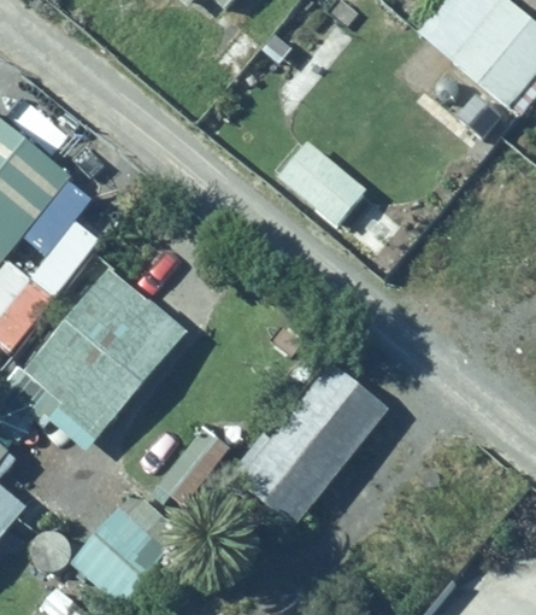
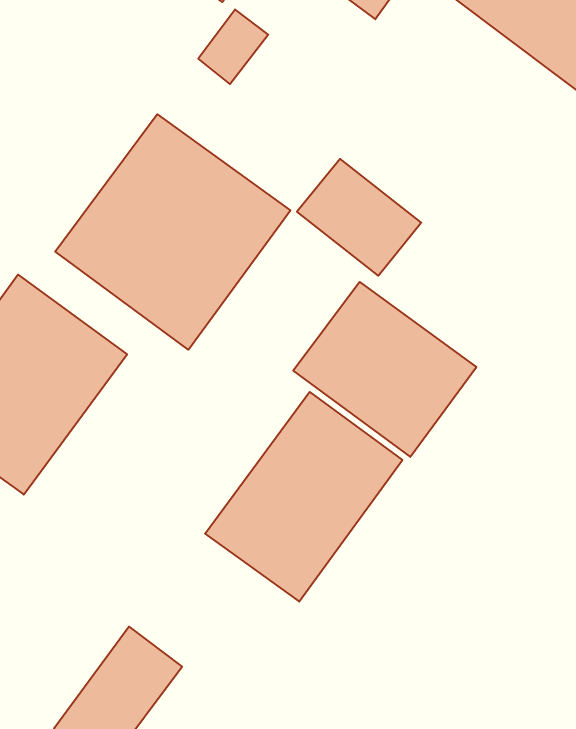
building: none -> [55,114,290,350]
building: none -> [293,282,476,457]

